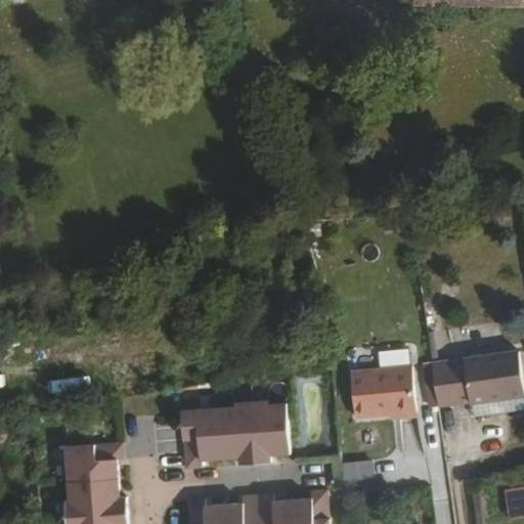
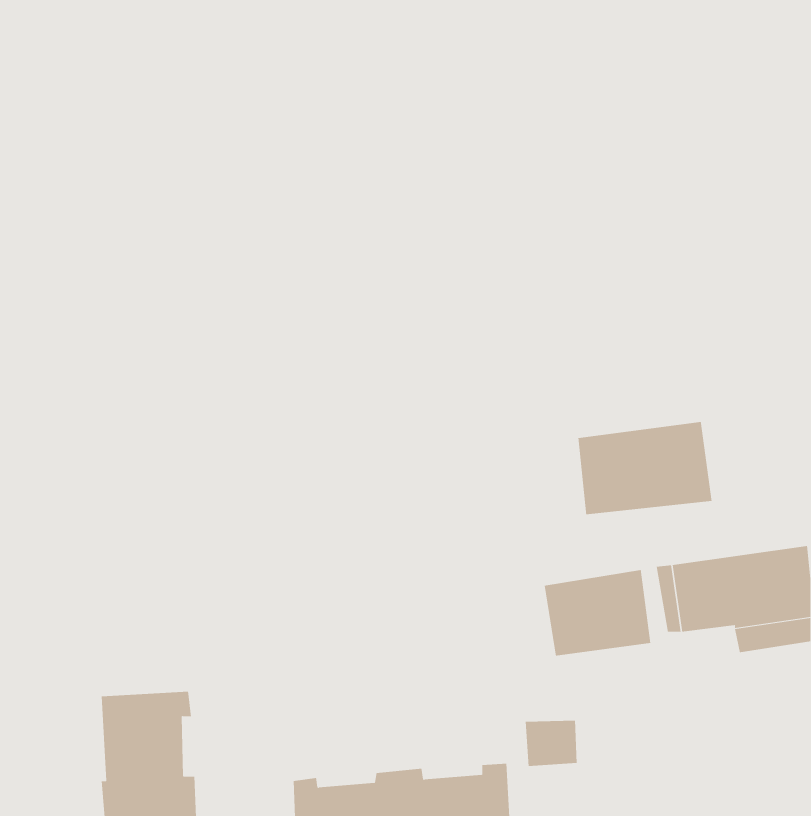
building: none -> [578,421,712,515]
building: [180,400,288,469] -> none

